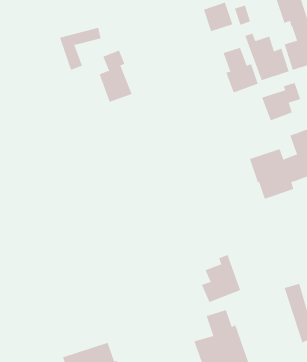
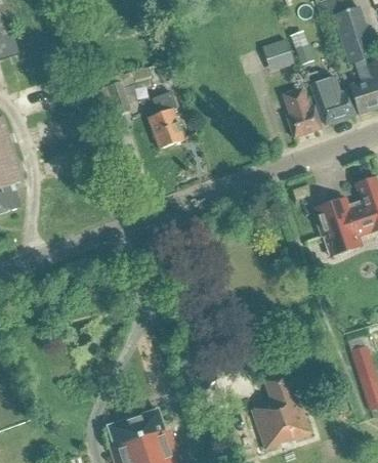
building: [262,82,301,121] -> none
building: [201,254,241,303] -> none

